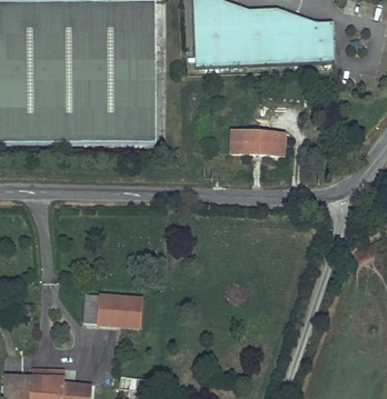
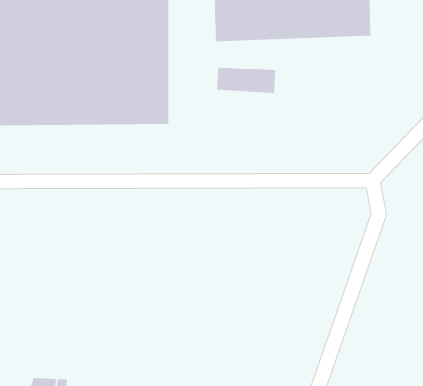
building: [230,132,284,156] -> [216,67,276,93]
building: [85,293,142,325] -> none

